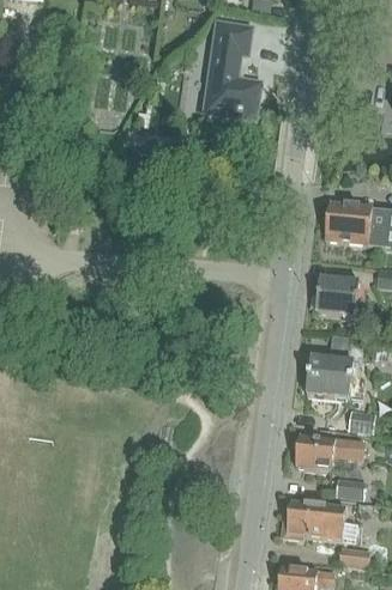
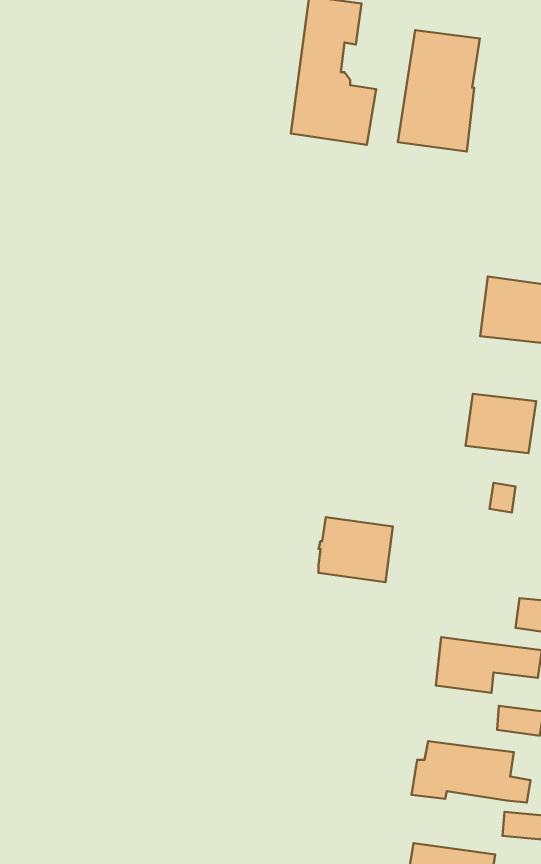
building: none -> [398,30,480,152]
building: [307,358,355,400] -> [318,517,393,582]

